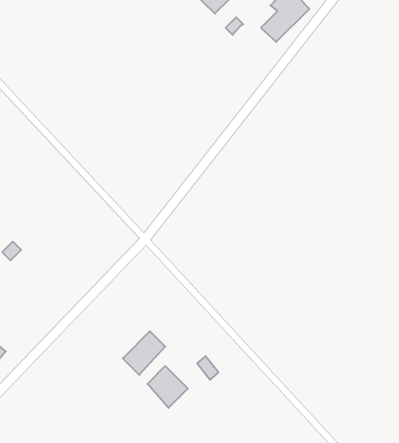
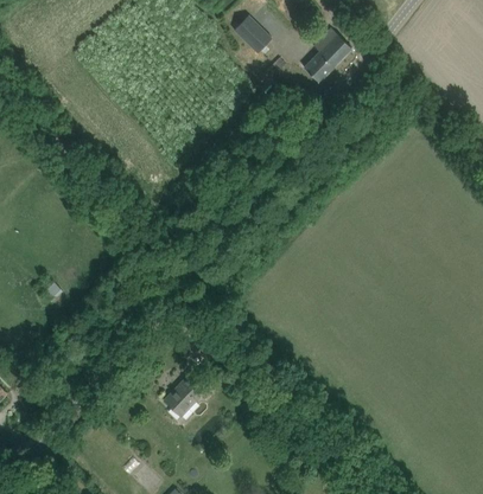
building: [147,366,188,408] -> none

